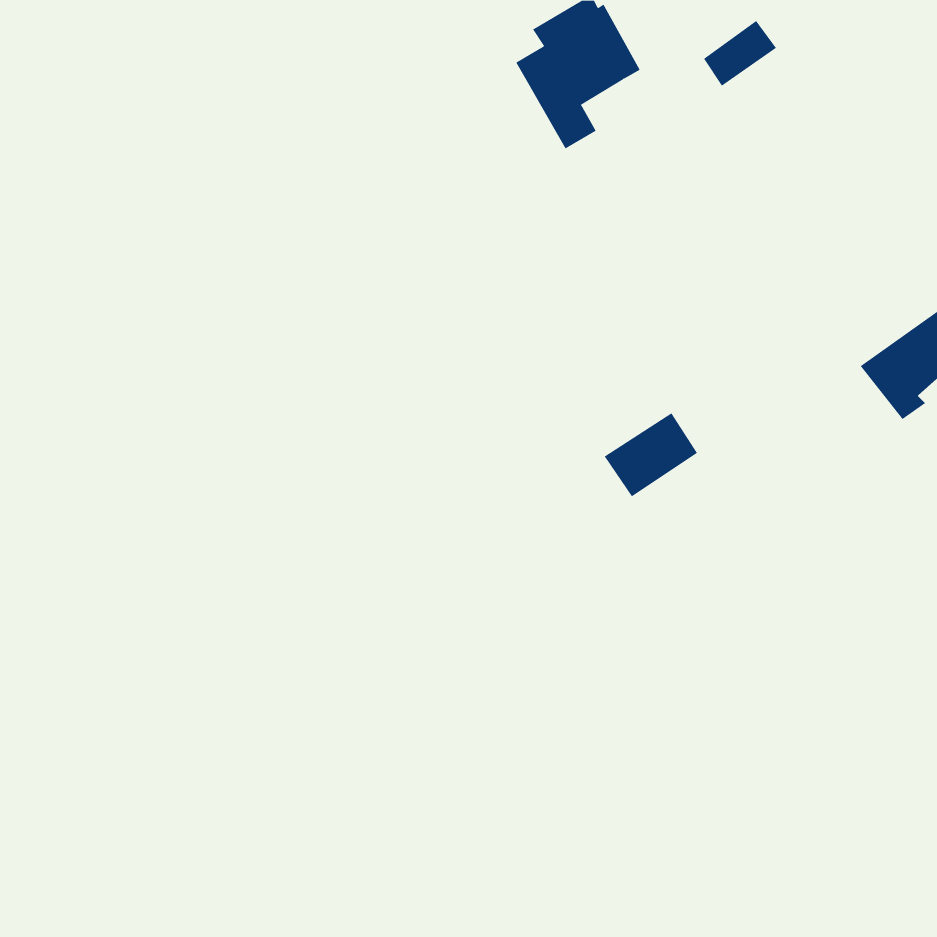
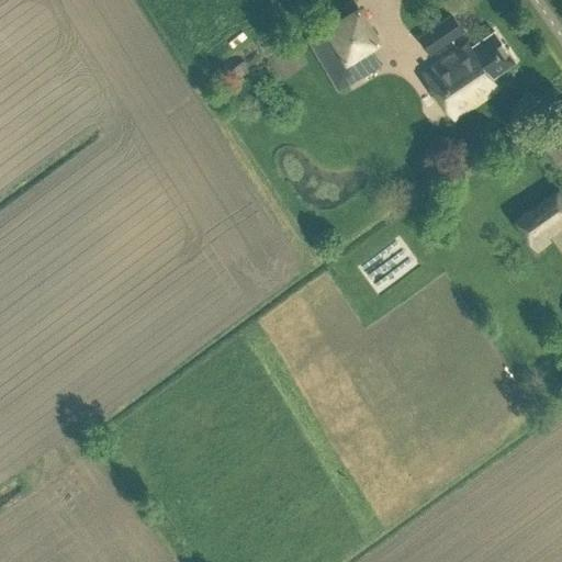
building: none -> [426,31,517,121]

